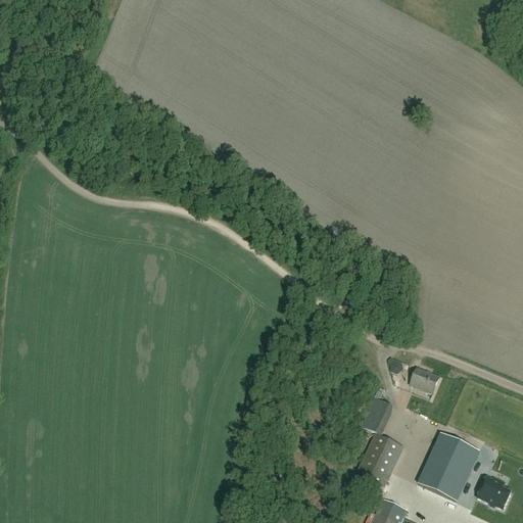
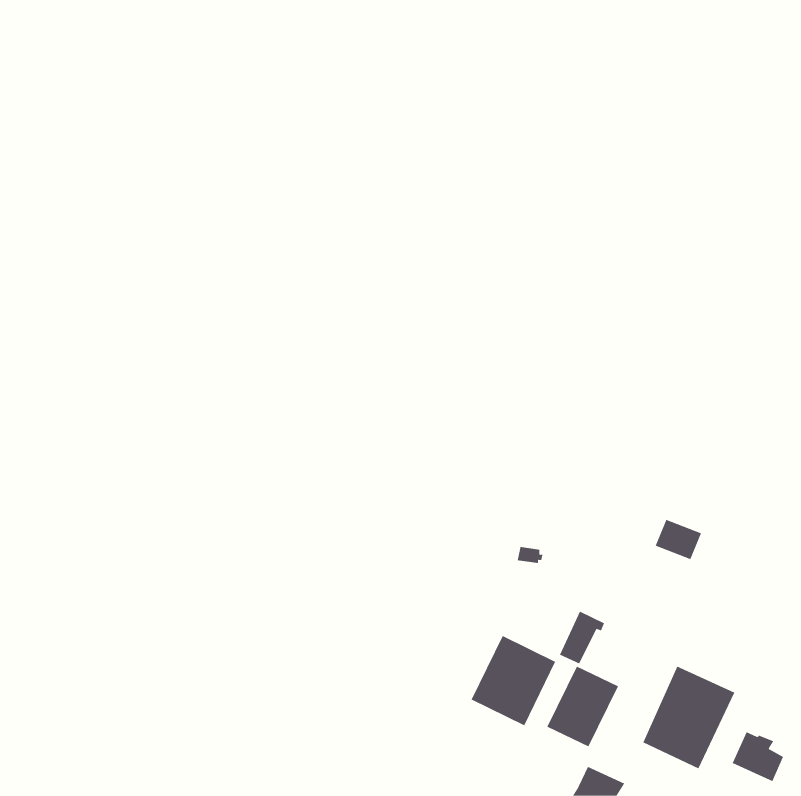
building: [409,367,439,393] -> [655,519,702,560]
building: none -> [471,635,556,726]

